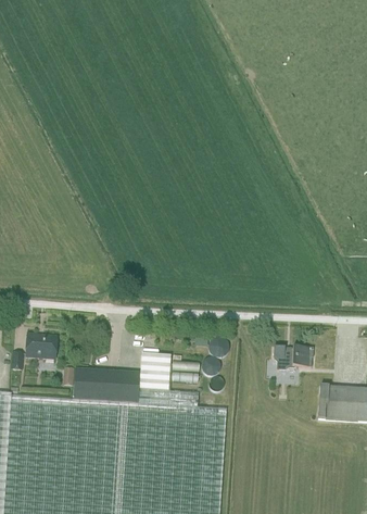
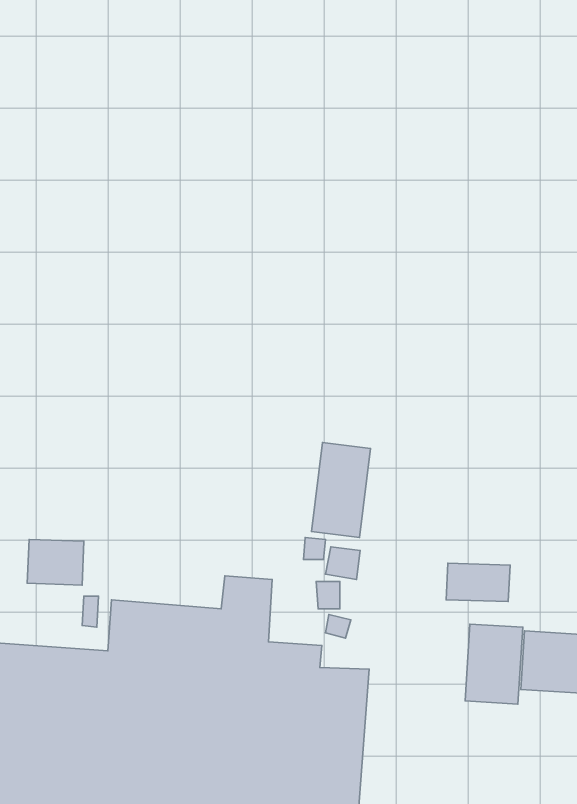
building: none -> [312,443,371,538]
building: none -> [465,624,523,704]

